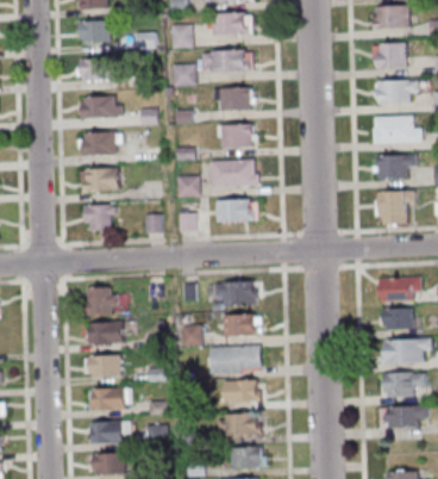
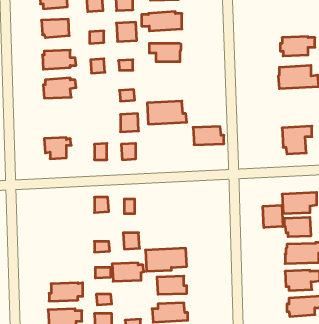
building: [376,45,406,71] -> none
building: [217,126,252,150] -> none
building: [376,157,417,181] -> none
building: [83,170,119,194] -> none
building: [217,203,255,225] -> [193,127,224,145]
building: [213,281,256,305] -> none
building: [86,287,115,315] -> none
building: none -> [263,205,283,228]
building: [221,313,261,336] -> [112,263,144,281]
building: [83,321,123,343] -> none
building: [87,354,120,377] -> none

